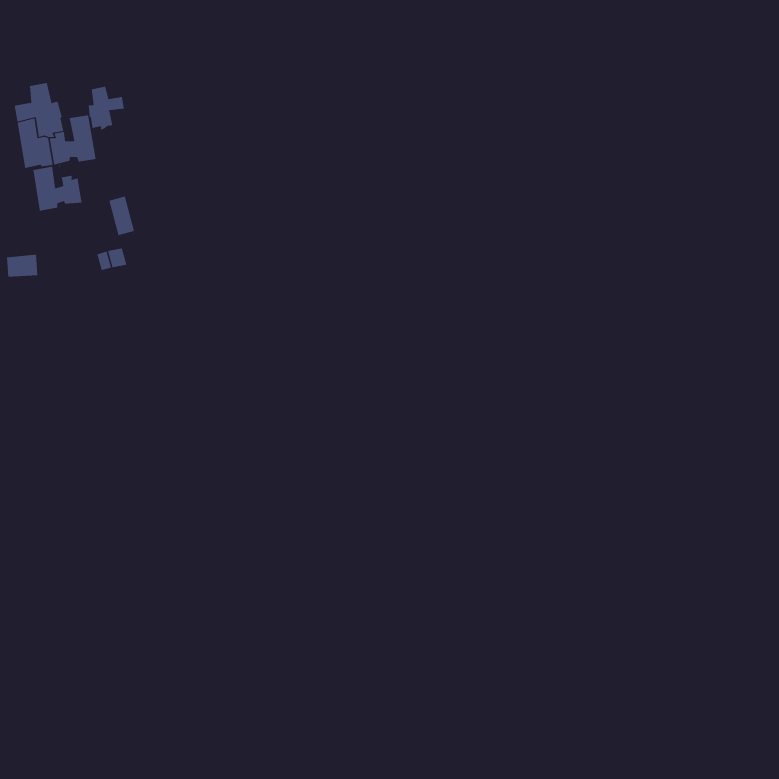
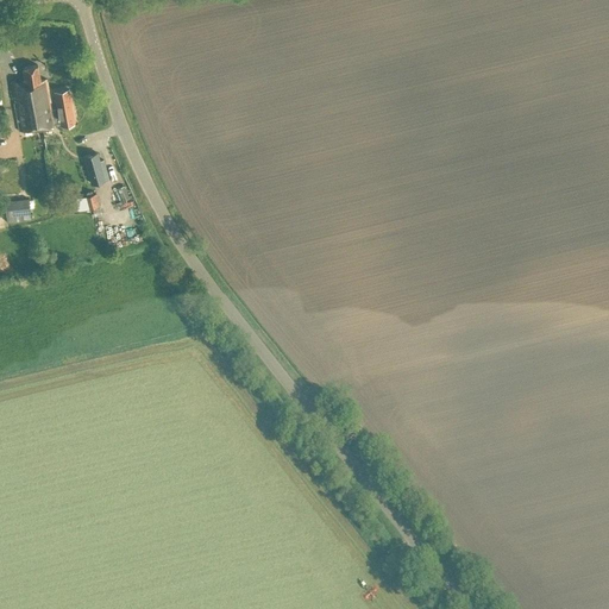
building: [88,86,125,131] -> none
building: [33,164,82,211] -> none

